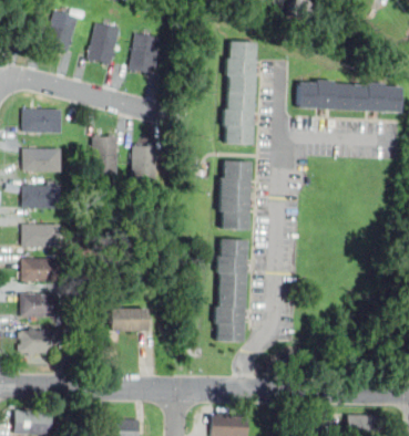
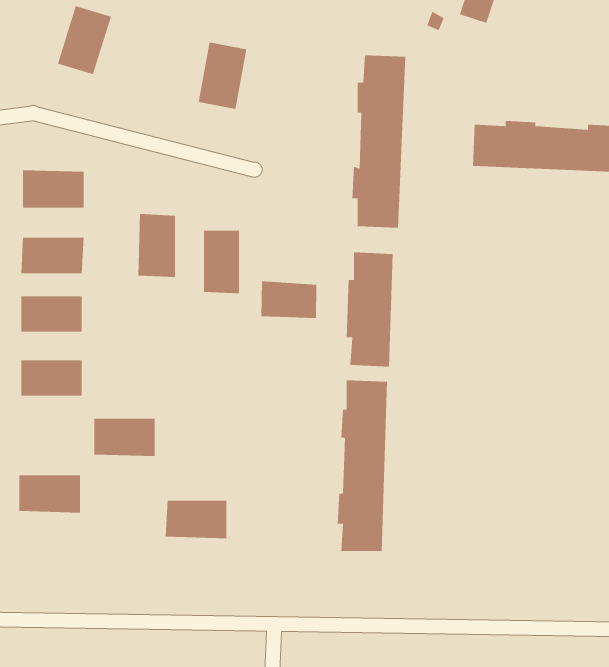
building: [80,23,121,64] -> none
building: none -> [261,281,317,319]
building: [22,259,60,282] -> [93,418,156,457]
building: [21,332,60,354] -> none

